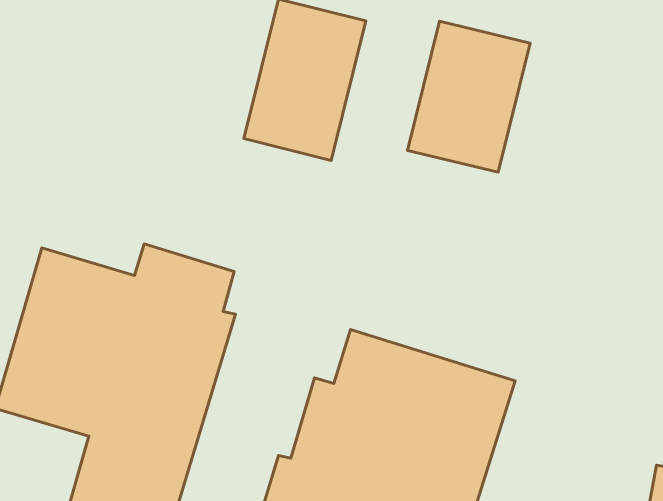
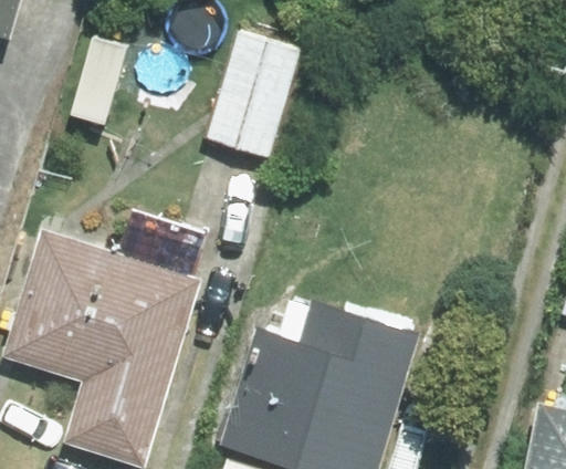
building: [408,21,530,172] -> none

